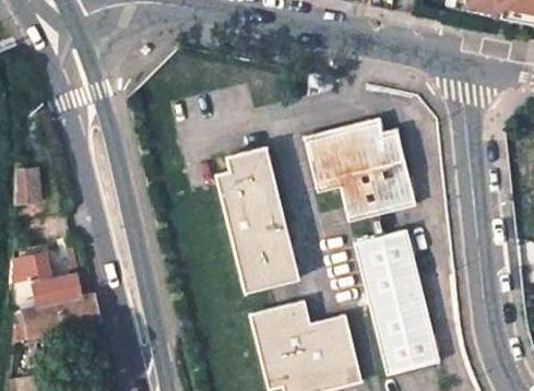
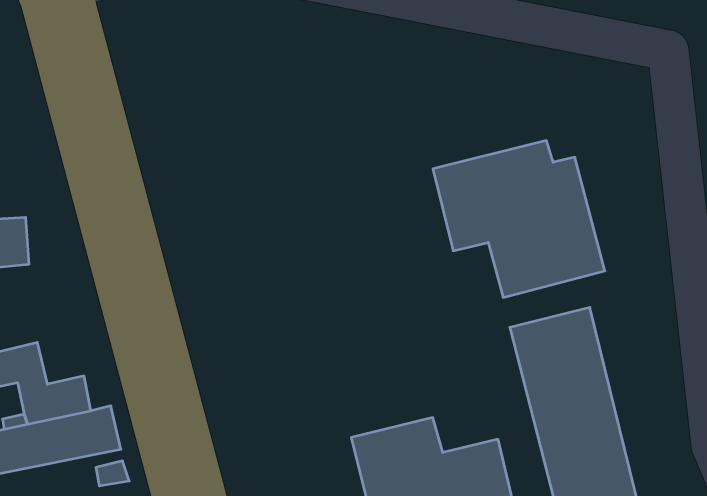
building: [218,146,300,293] -> none

